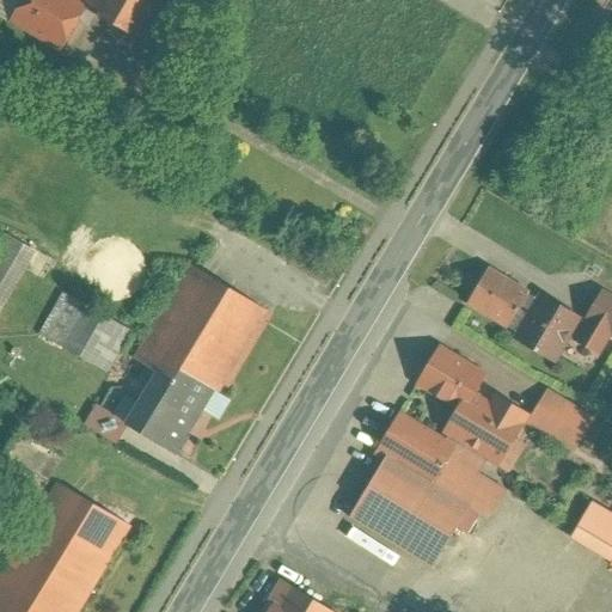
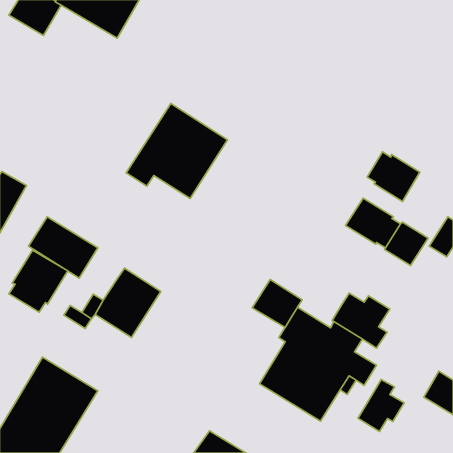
building: none -> [367,152,420,201]
building: [130,264,267,392] -> [126,103,228,198]
building: none -> [9,250,68,312]
building: [416,345,483,410] -> [252,279,302,327]
building: [528,391,593,447] -> none
building: none -> [358,379,404,431]

